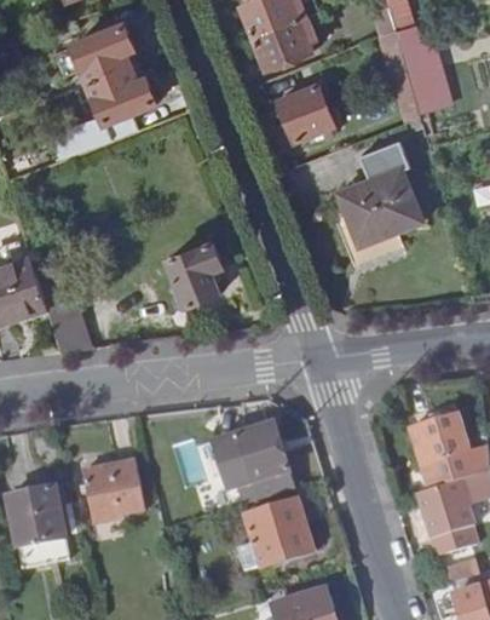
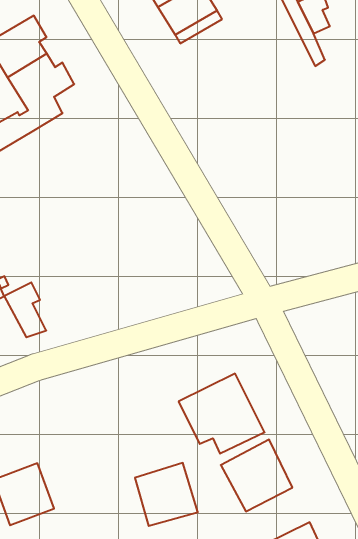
building: [278,85,334,140] -> none
building: [341,138,421,243] -> none
building: [167,239,224,303] -> none
building: [83,461,143,521] -> [135,463,198,526]

